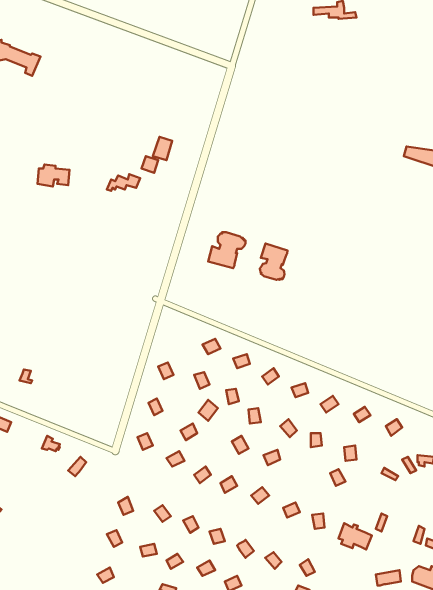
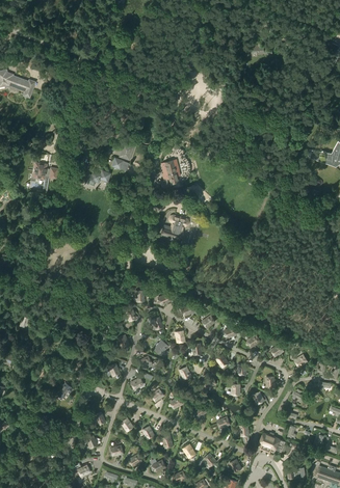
building: none -> [160,159,181,187]
building: [260,243,287,280] -> none

